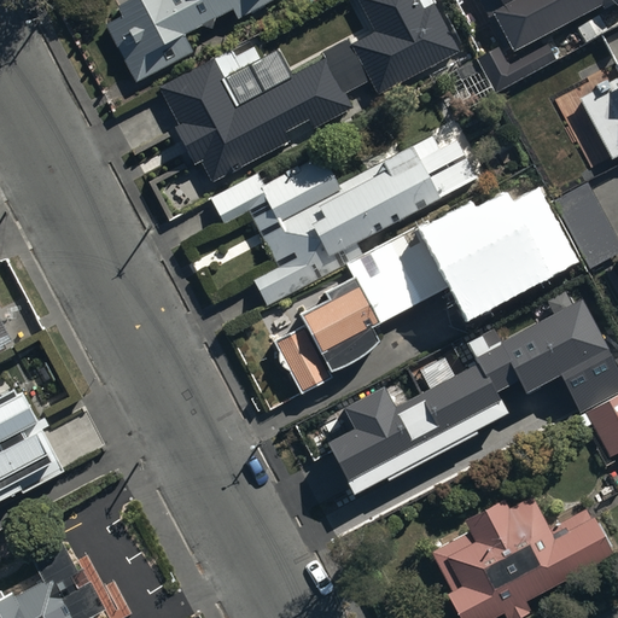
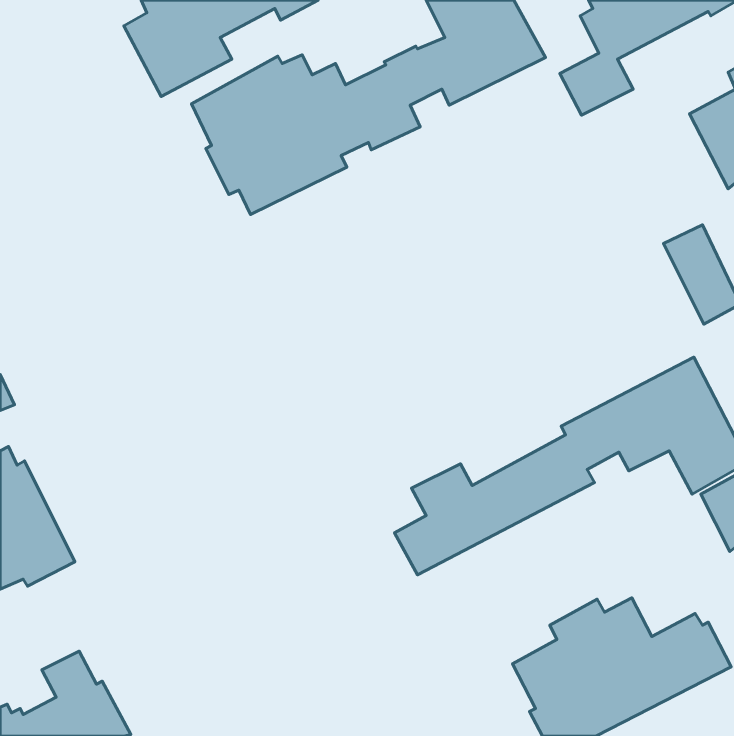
building: [210,119,476,303] -> none
building: [275,211,561,398] -> none

